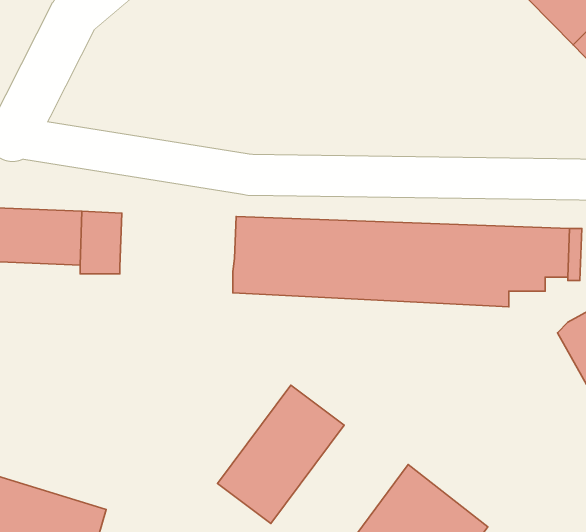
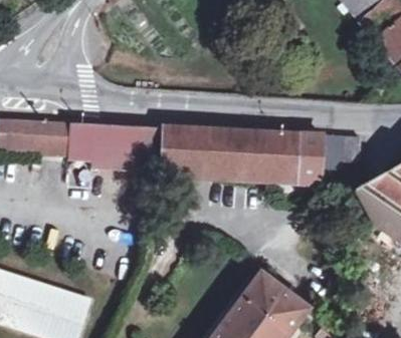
building: none -> [96,124,164,157]
building: [218,385,344,524] -> none

